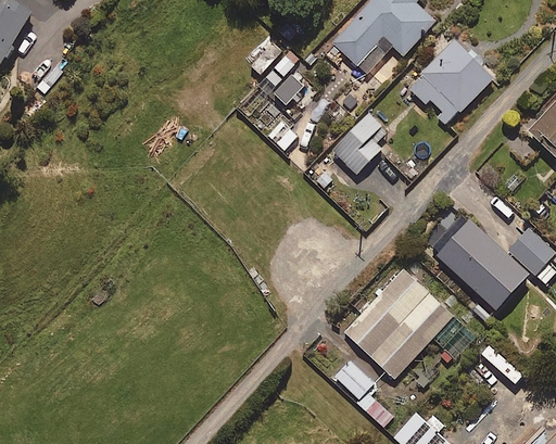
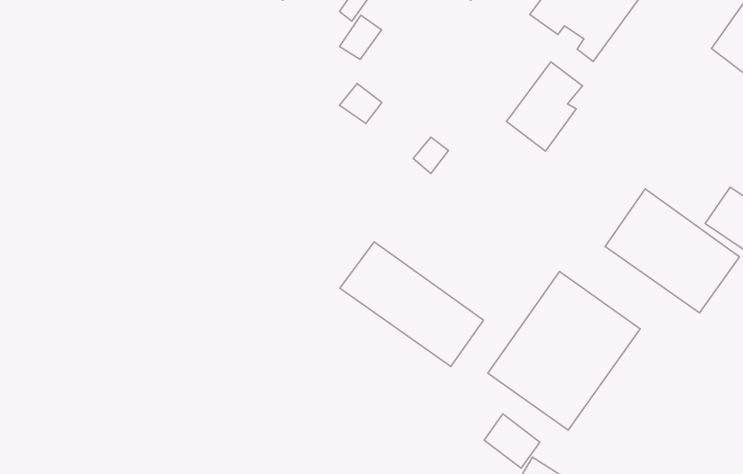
building: [332,113,388,174] -> [507,62,582,151]
building: none -> [340,242,484,366]

